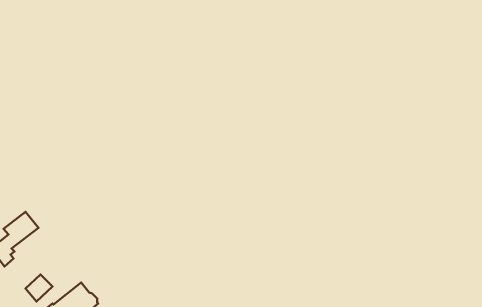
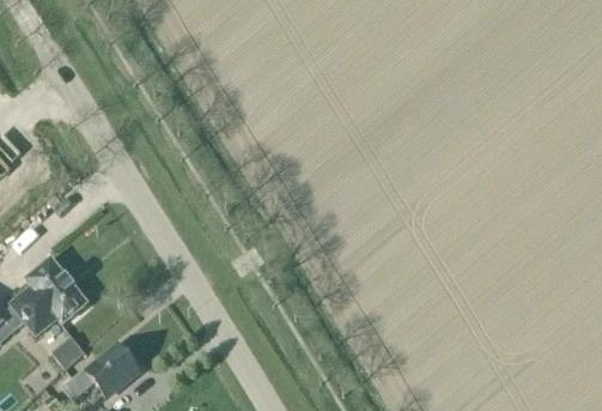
building: none -> [26,278,87,336]

